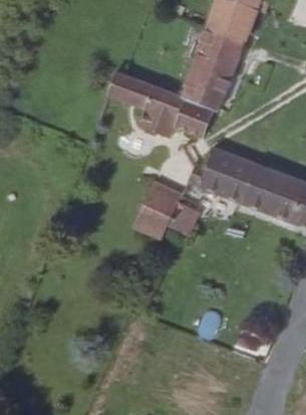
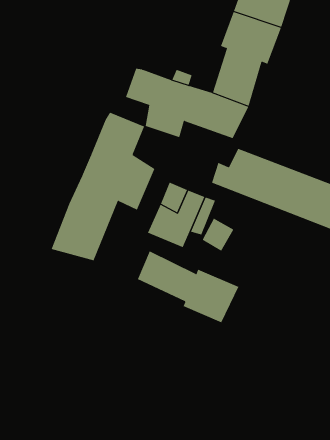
building: none -> [51,112,155,261]
building: none -> [137,251,239,323]

